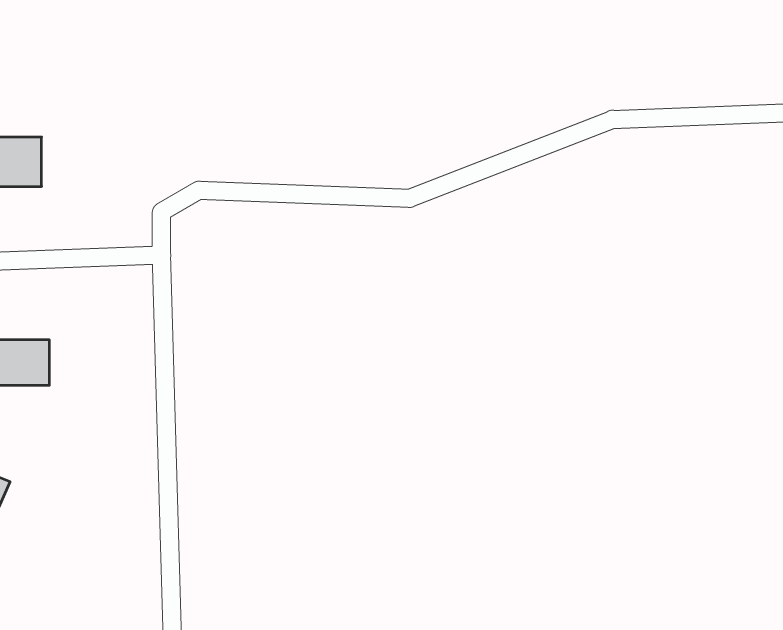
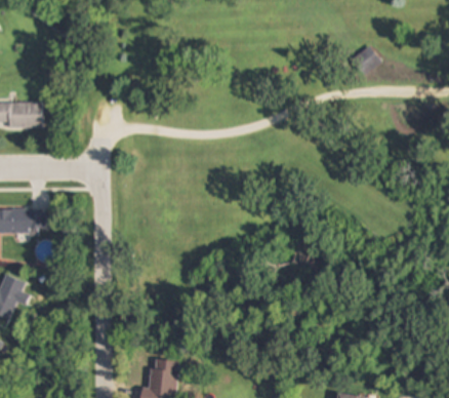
building: none -> [349,46,380,77]

